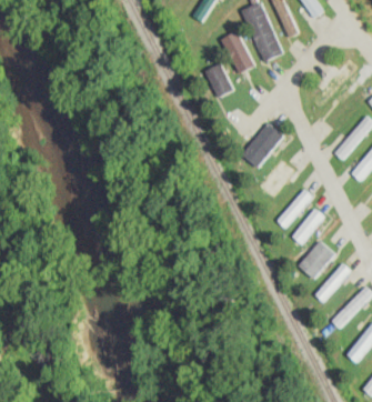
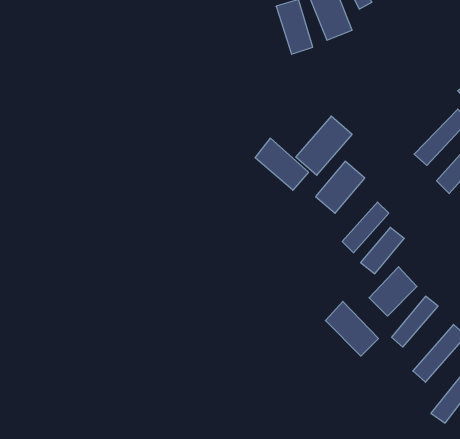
building: [202,61,234,98] -> none
building: none -> [255,138,308,190]
building: none -> [325,301,378,356]

